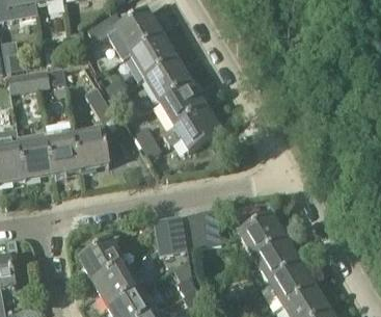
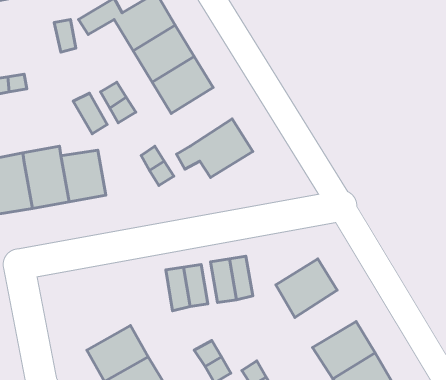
building: [159,82,206,127] -> none
building: [253,237,300,281] -> none
building: [79,238,128,283] -> none

